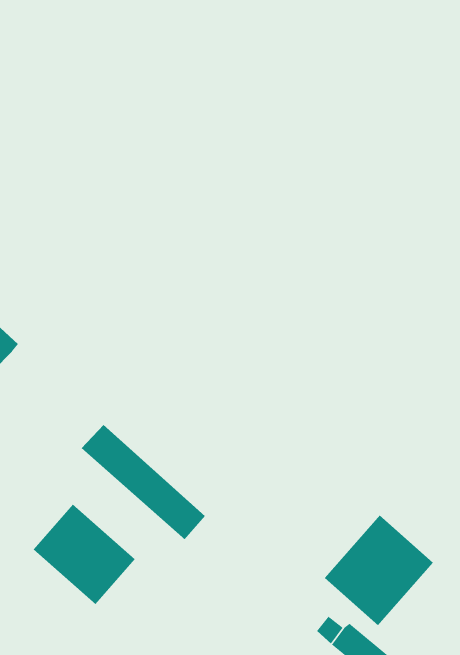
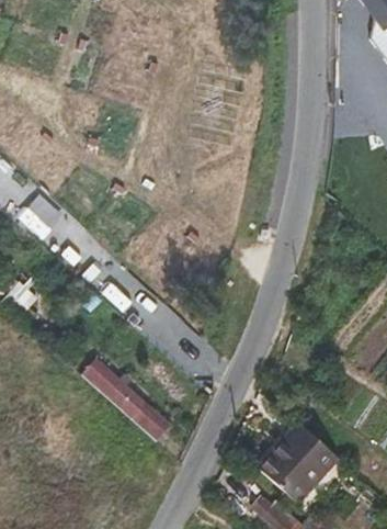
building: [33,504,136,605] -> none

